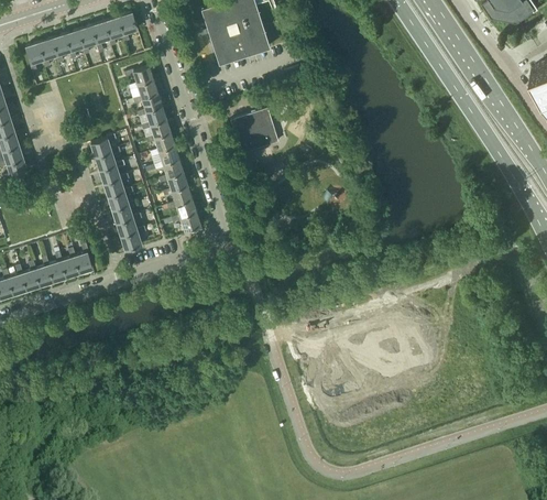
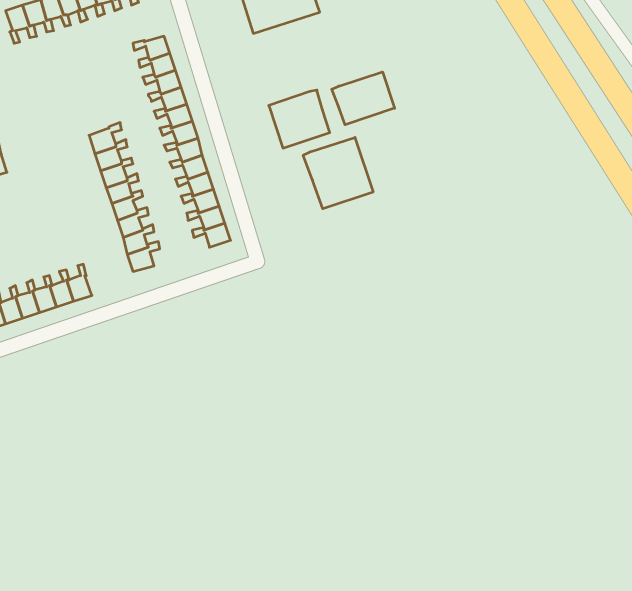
building: none -> [332,72,395,125]
building: none -> [303,137,373,209]

